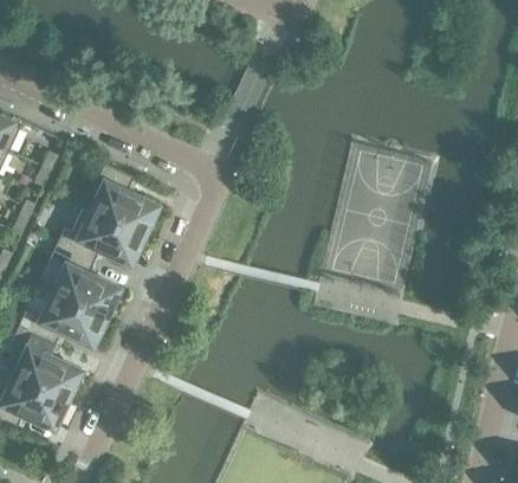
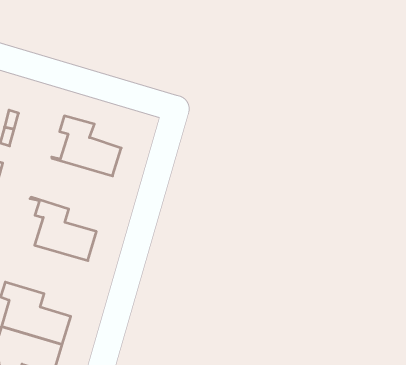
building: [58,207,144,263] -> none
building: [19,294,106,344] -> none

